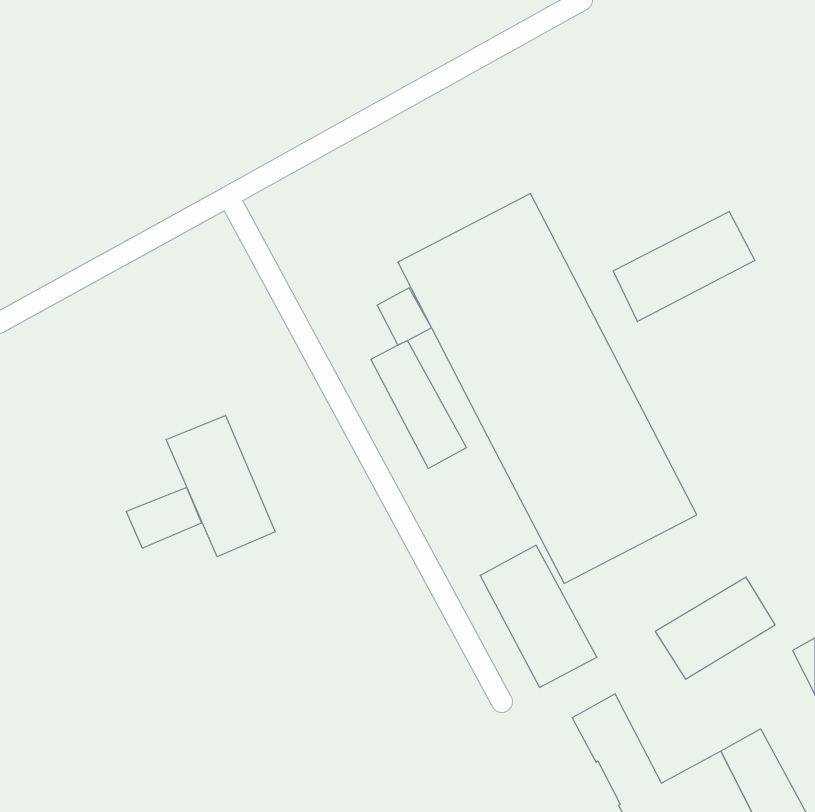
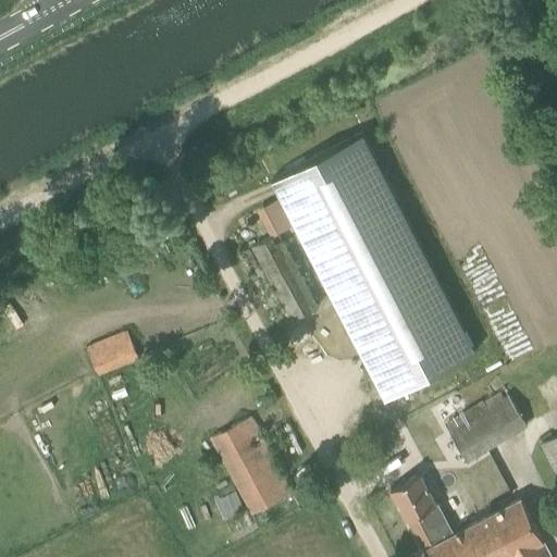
building: [613,211,755,322] -> none
building: [166,415,275,557] -> none
building: [480,545,597,687] -> [211,419,290,516]

